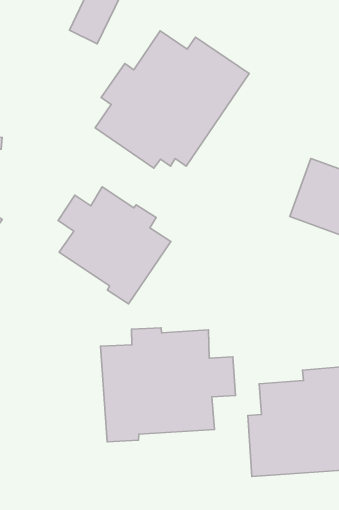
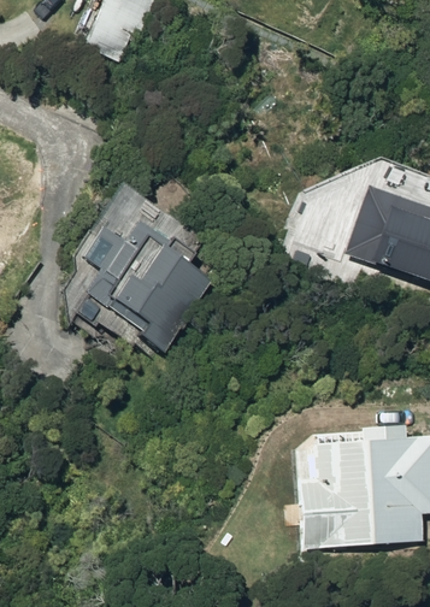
building: [95,31,249,168] -> none
building: [101,328,235,442] -> none

